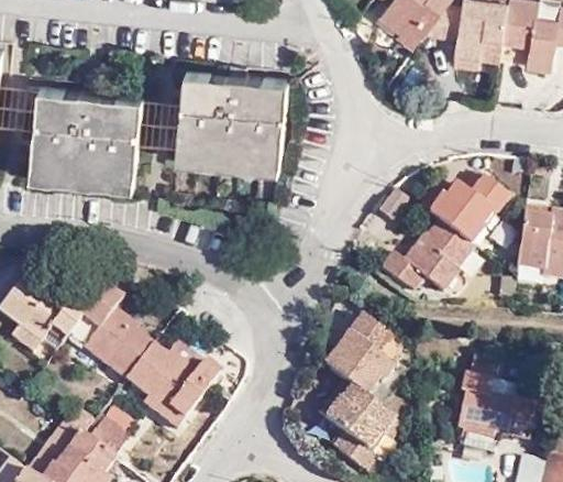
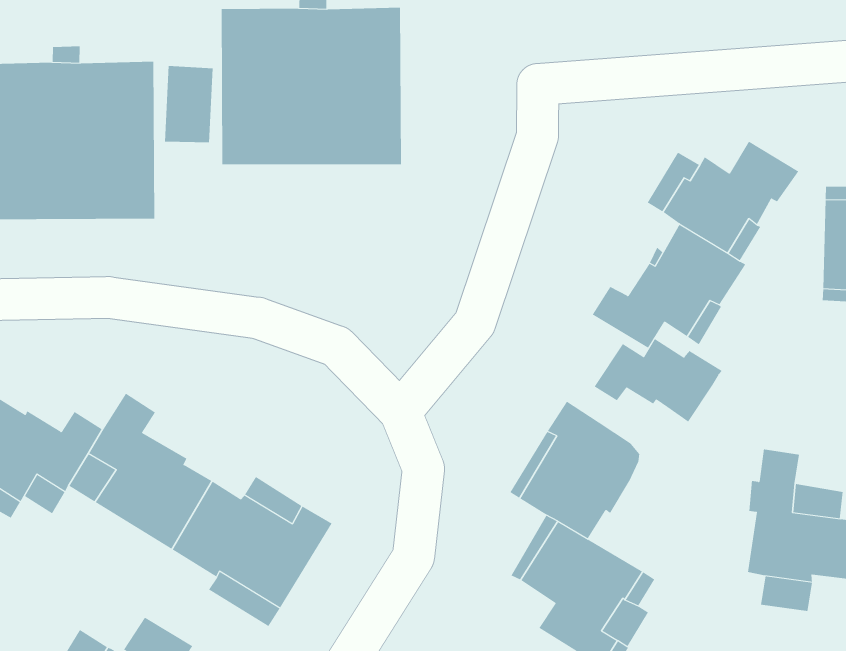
building: none -> [594,338,722,422]

